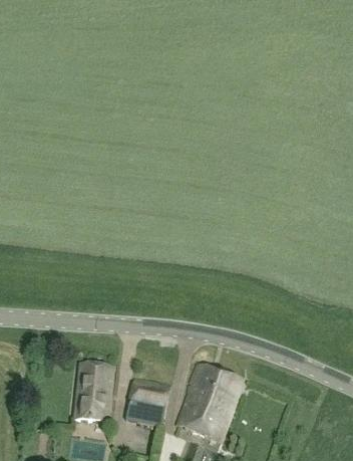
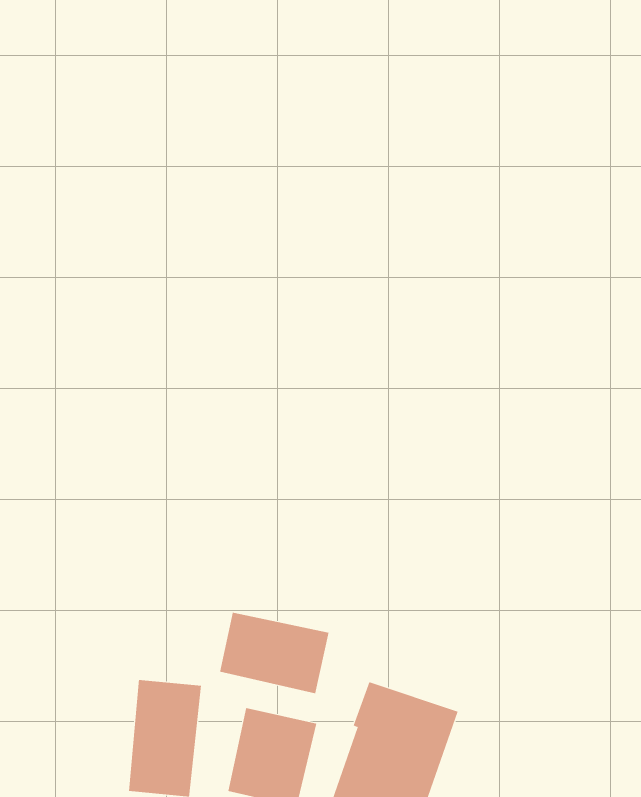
building: none -> [220,612,329,694]

